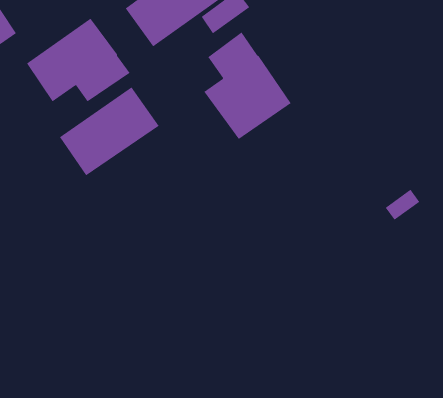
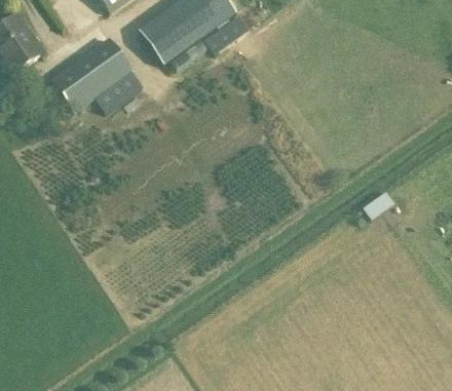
building: [203,32,292,140] -> none
building: [59,87,159,176] -> none

